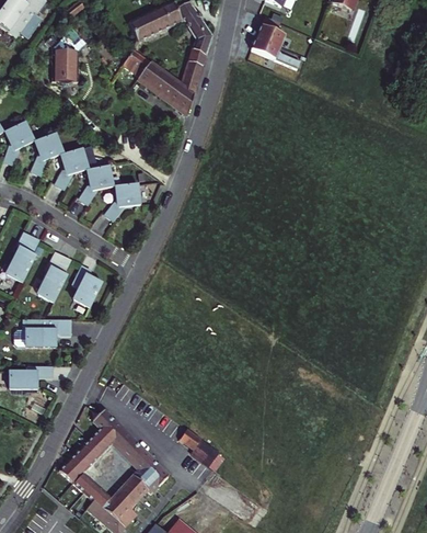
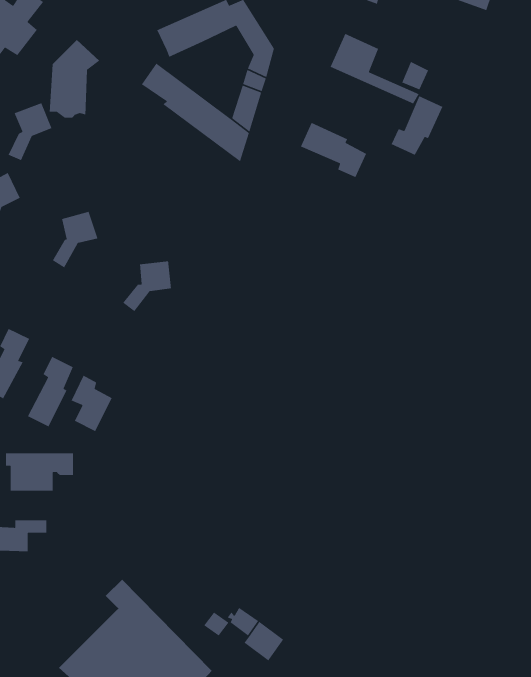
building: none -> [391,95,443,156]
building: none -> [300,122,367,178]
building: [31,134,62,175] -> [7,102,53,161]
building: [79,166,113,205] -> none

